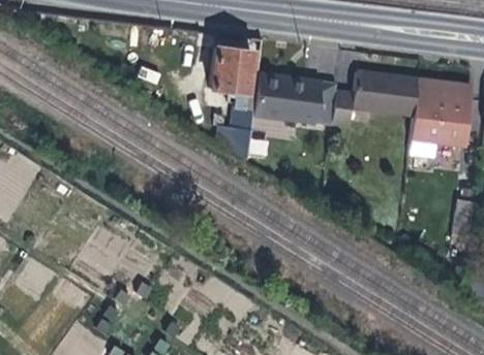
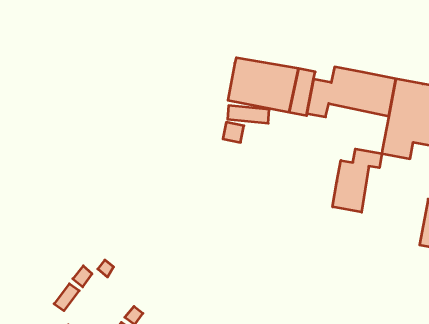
building: [210,43,256,159] -> none
building: none -> [333,149,382,212]

